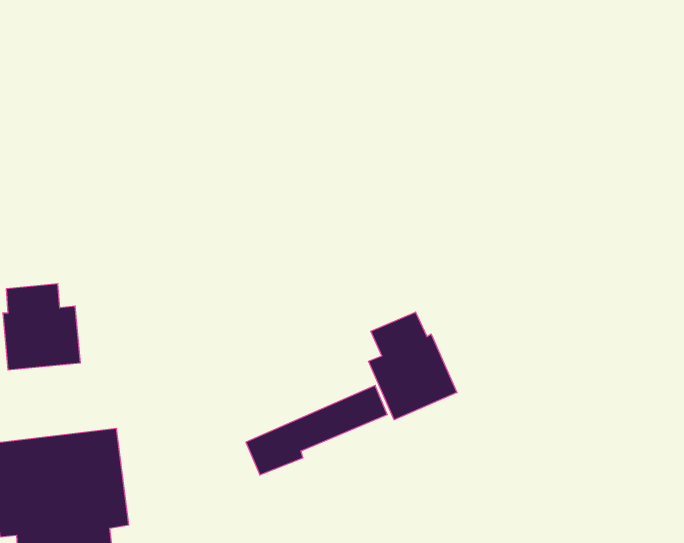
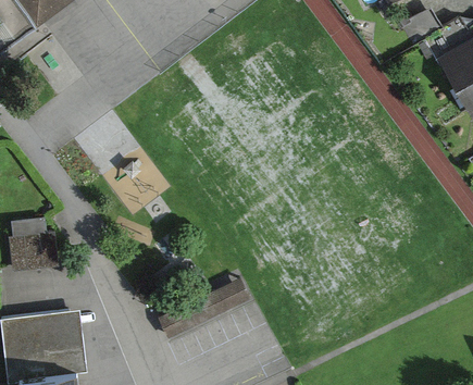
building: [368,312,457,420] -> none

